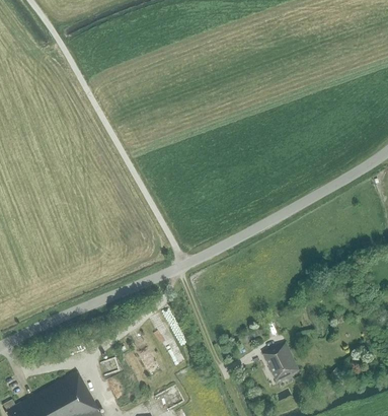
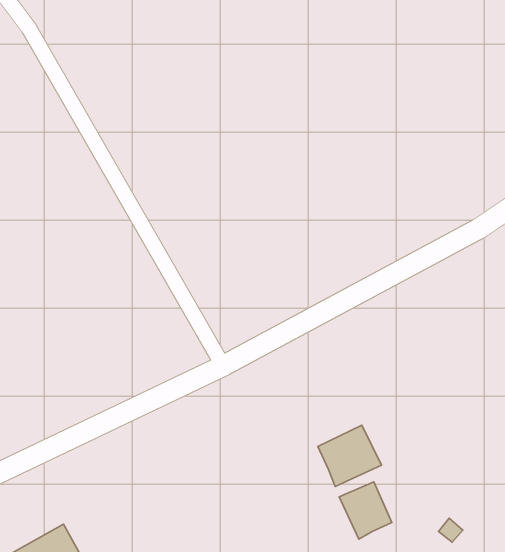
building: none -> [318,425,382,487]

